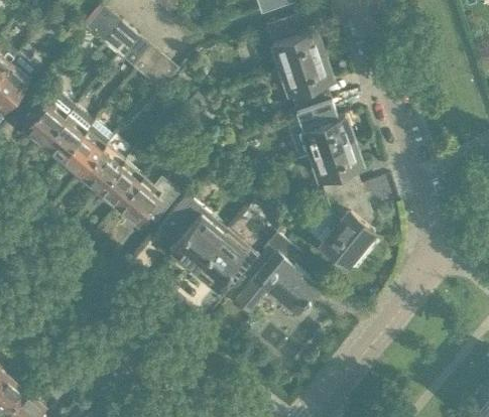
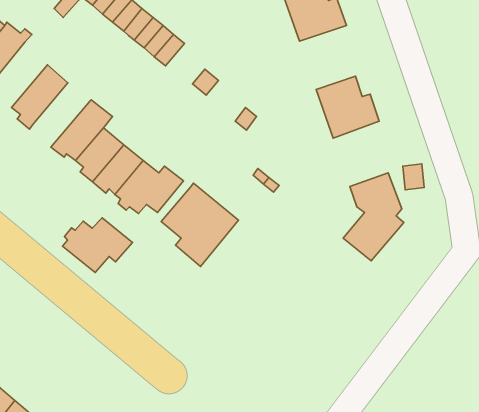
building: [280,55,331,113] -> none
building: [41,107,93,164] -> none
building: [311,141,361,199] -> none
building: none -> [63,218,132,273]
building: [192,230,258,290] -> none
building: [234,235,317,315] -> none

